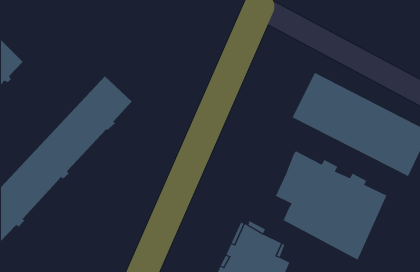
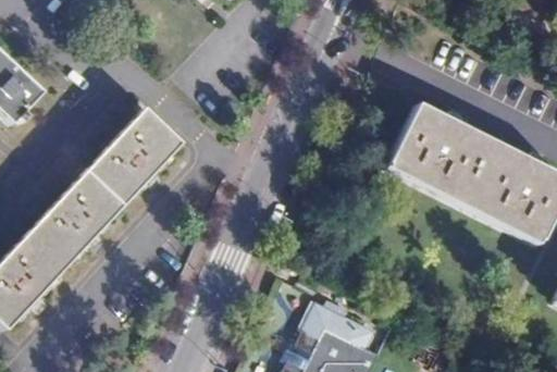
building: [275,150,387,260] -> none

